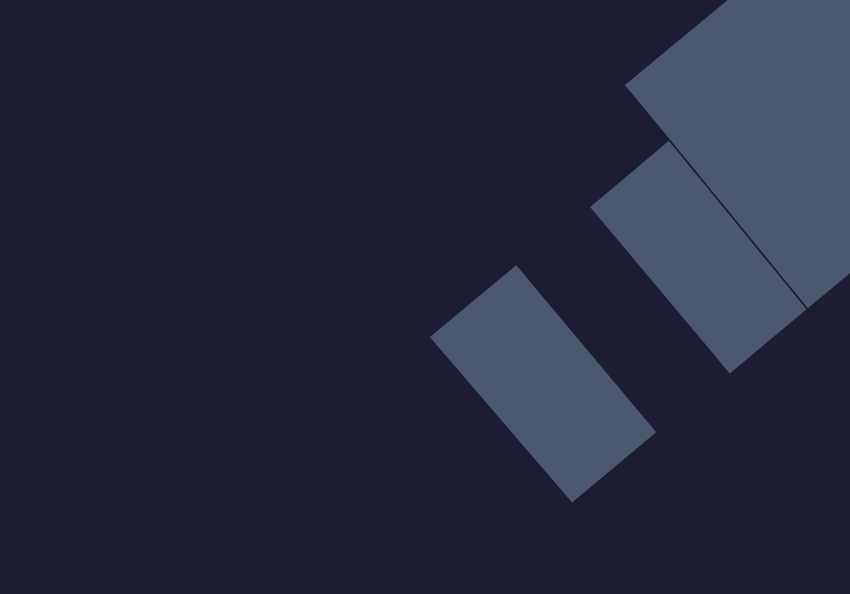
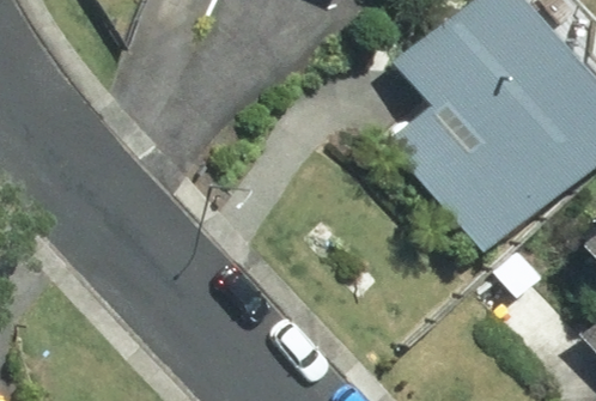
building: [429,264,657,503] -> none

